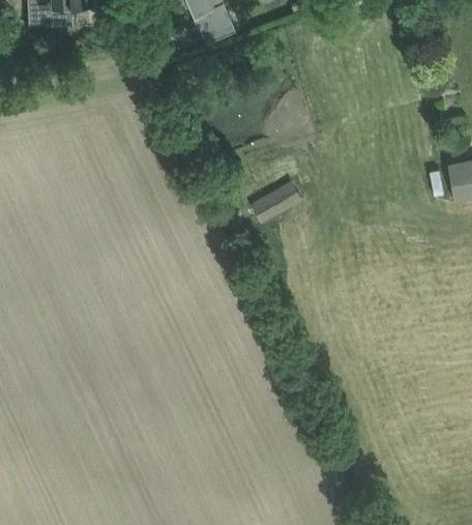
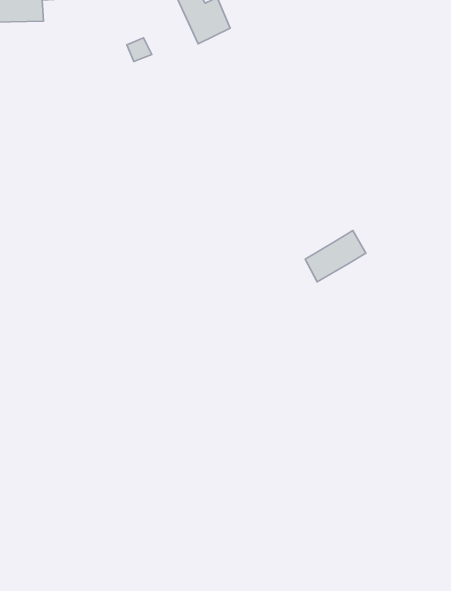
building: [249,181,302,226] -> [305,231,366,282]

